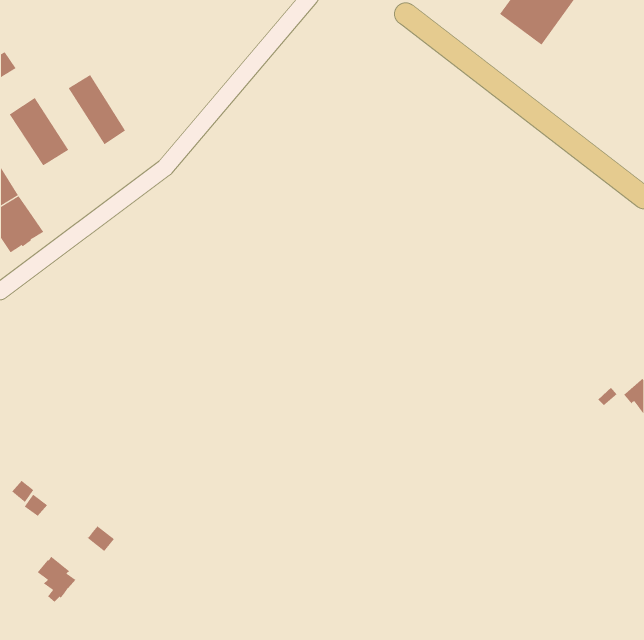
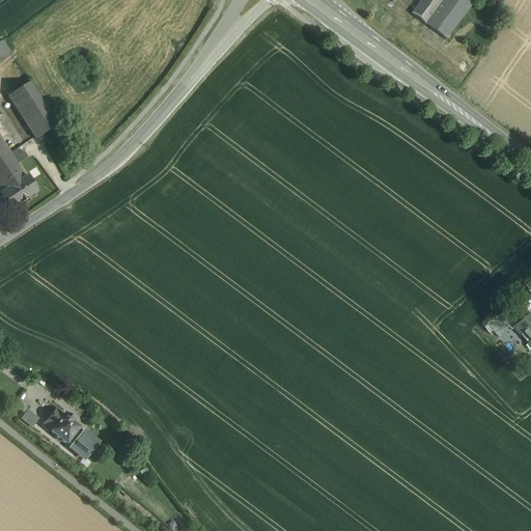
building: [68,74,126,145] -> none
building: [37,556,76,603] -> [45,407,77,445]

